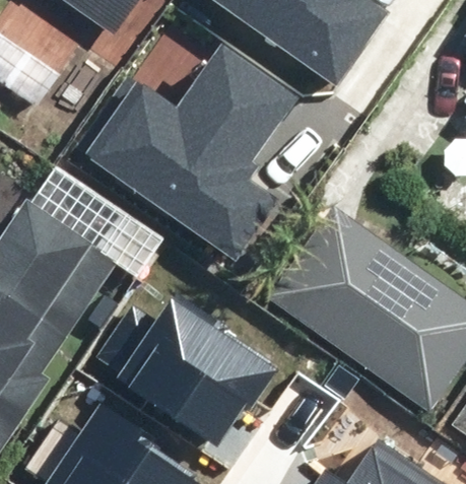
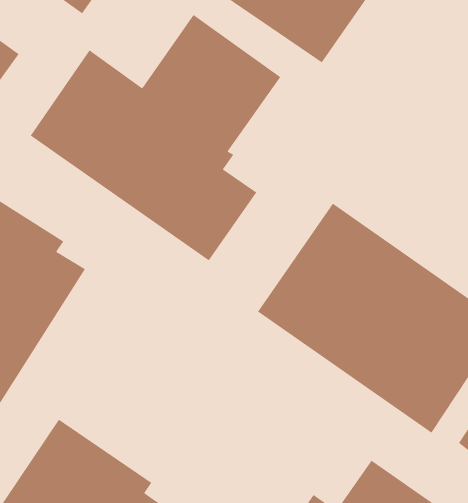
building: [95,292,277,445] -> none

